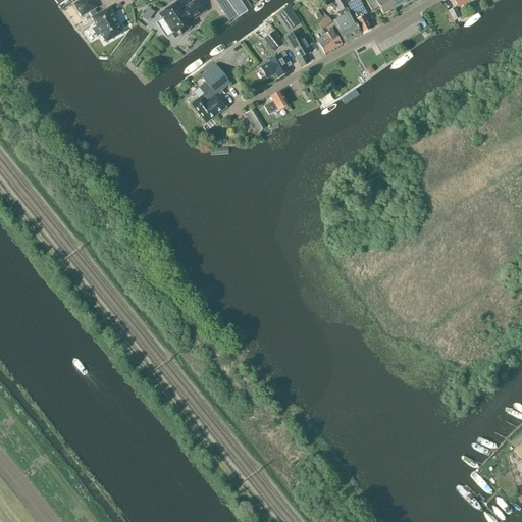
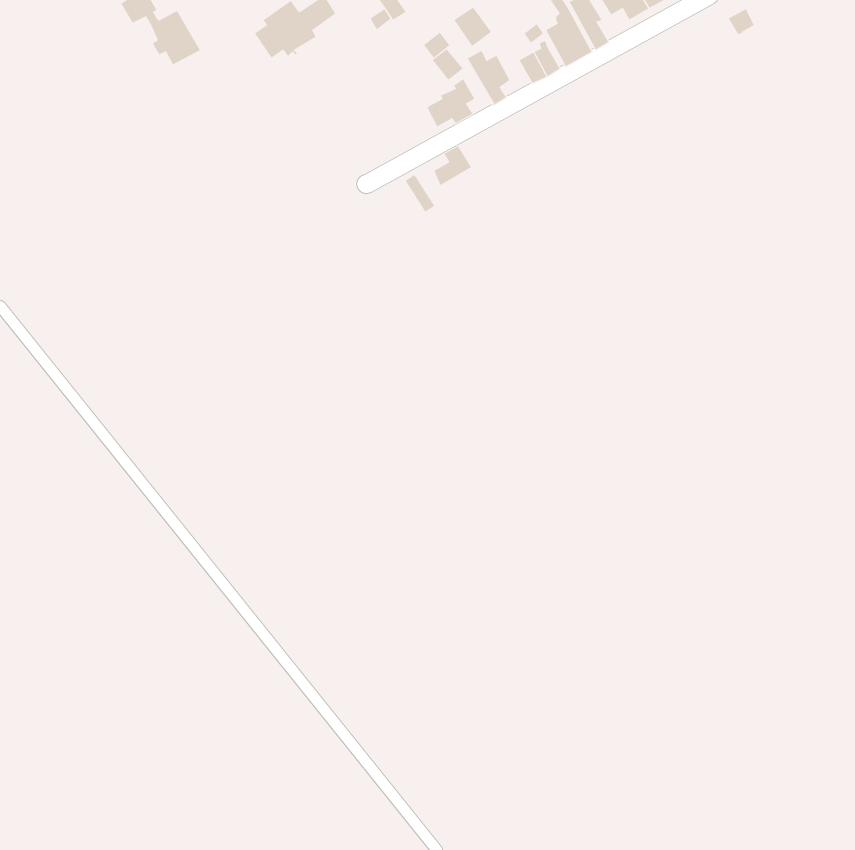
building: [191,62,229,121] -> none

